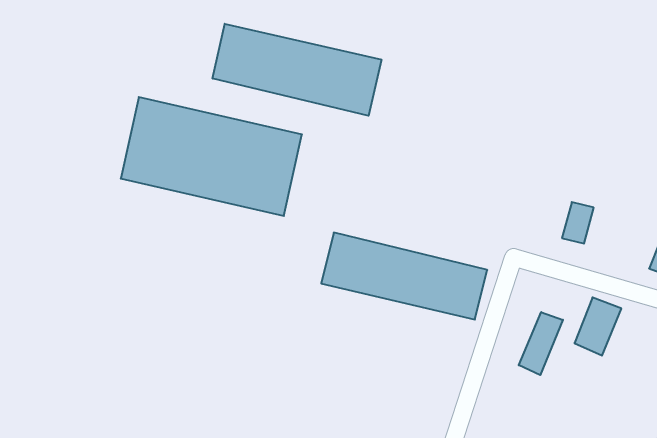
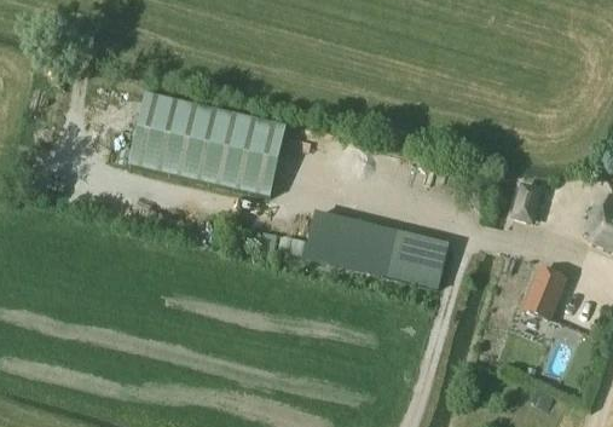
building: [213,24,381,116] -> none
building: [519,312,563,375] -> none

